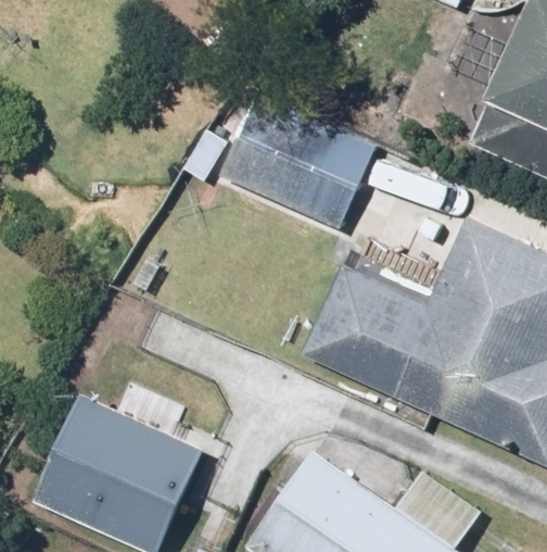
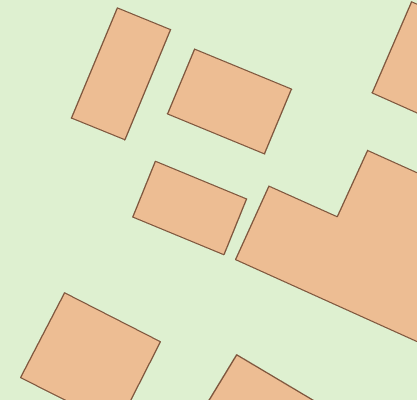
building: none -> [72,8,170,140]
building: none -> [133,161,247,255]

